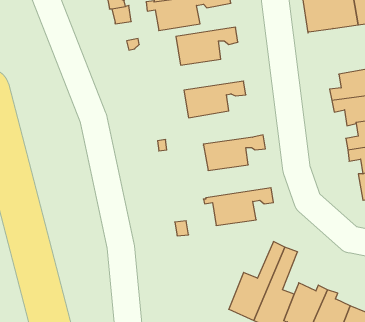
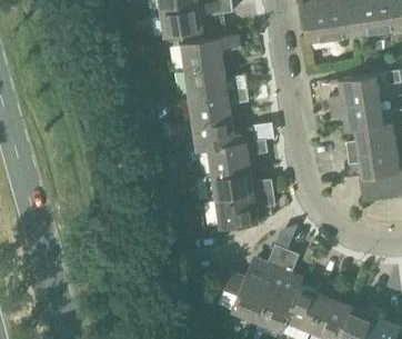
building: none -> [184,67,245,97]
building: none -> [181,117,254,153]
building: none -> [205,169,272,201]

